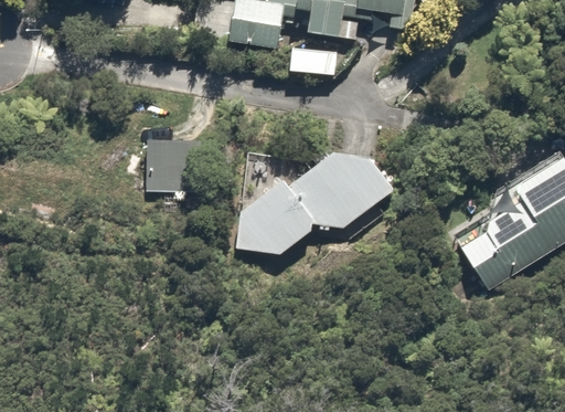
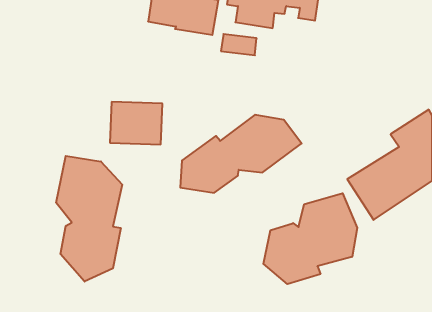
building: none -> [56,156,122,282]
building: none -> [263,193,357,284]

